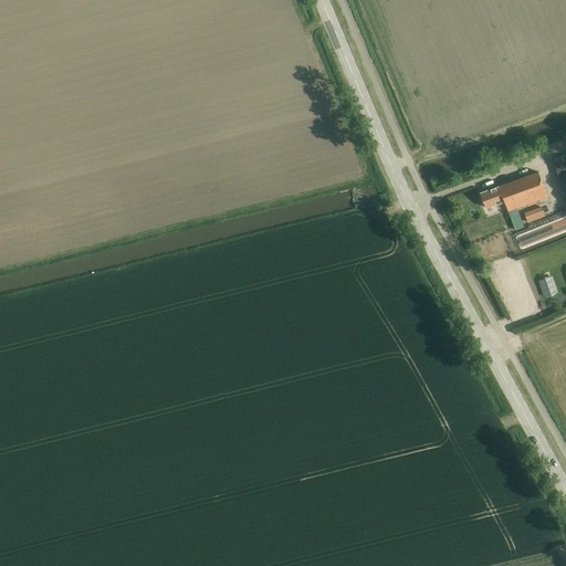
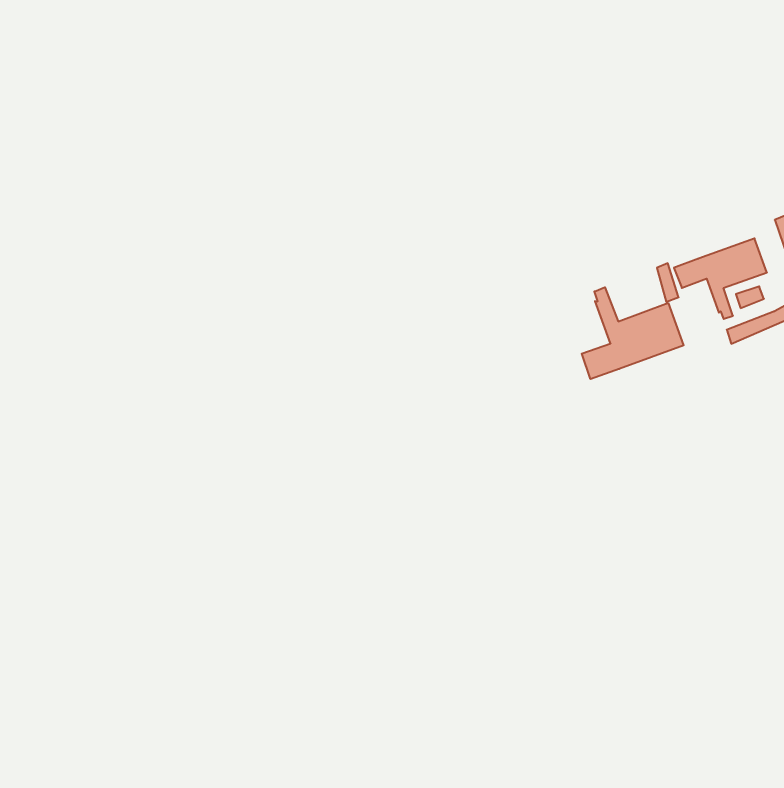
building: none -> [582,287,684,379]

